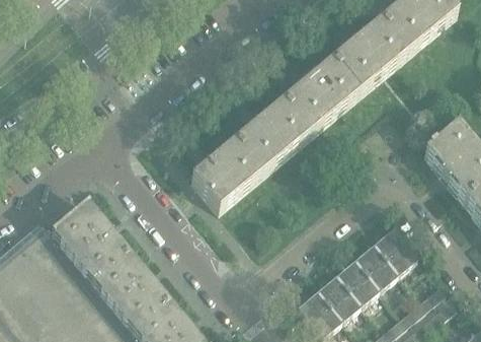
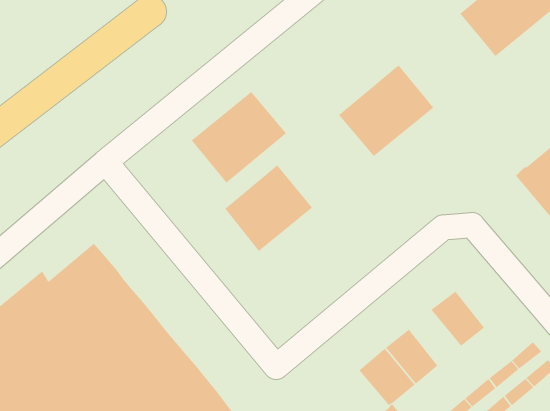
building: [331,19,408,94] -> none
building: [234,100,311,175] -> [191,91,287,184]
building: [377,227,417,271] -> none
building: [339,257,381,301] -> none

